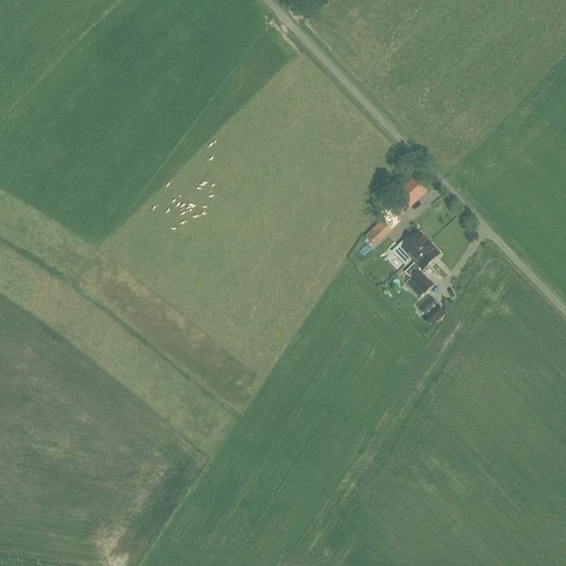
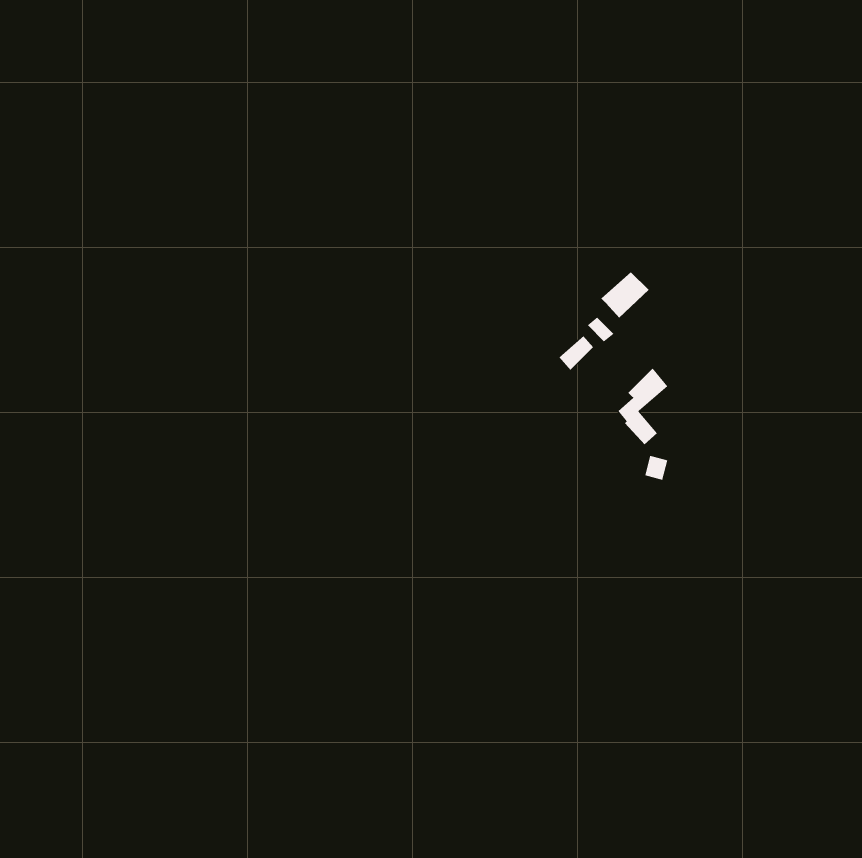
building: [391,231,428,264] -> none

